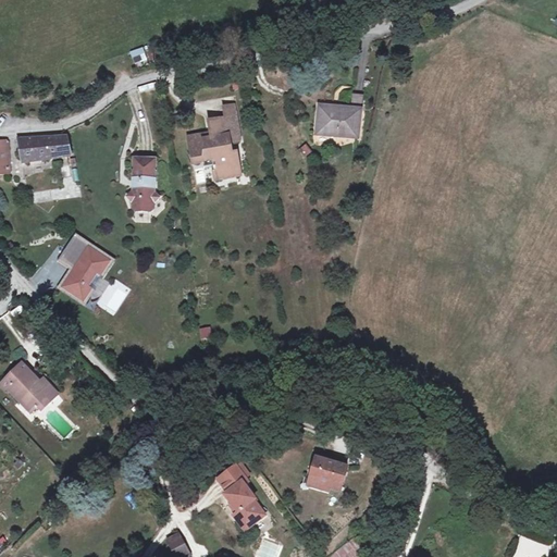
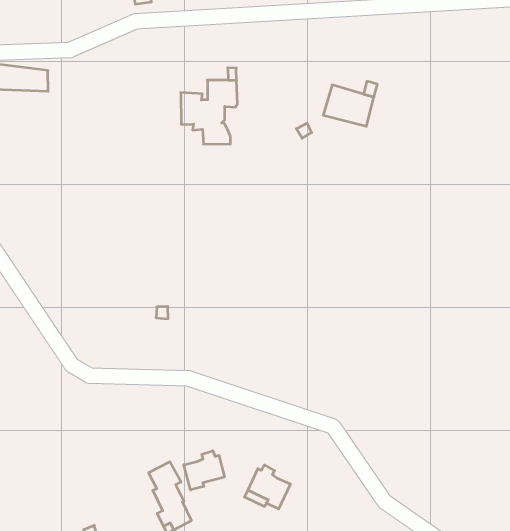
building: [127,156,159,209] -> none
building: [59,233,111,300] -> none
building: none -> [184,451,224,490]

